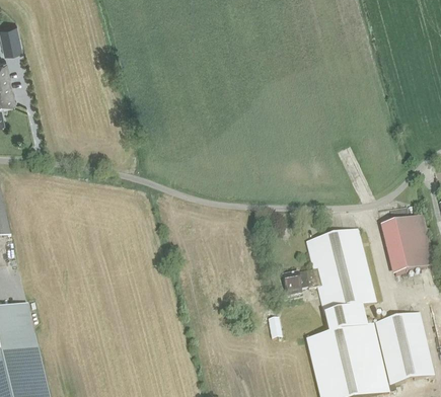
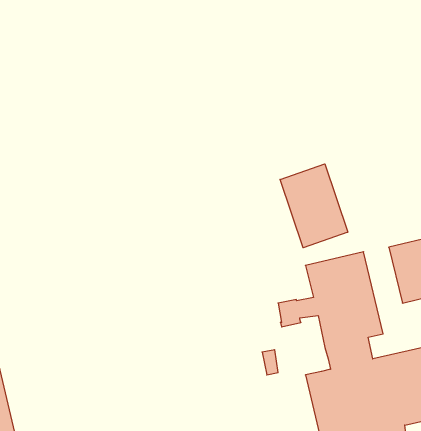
building: none -> [280,164,348,248]

